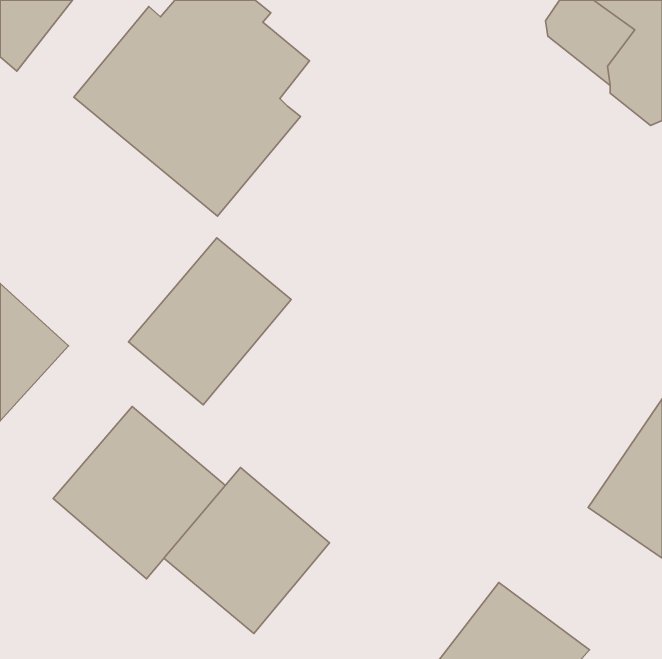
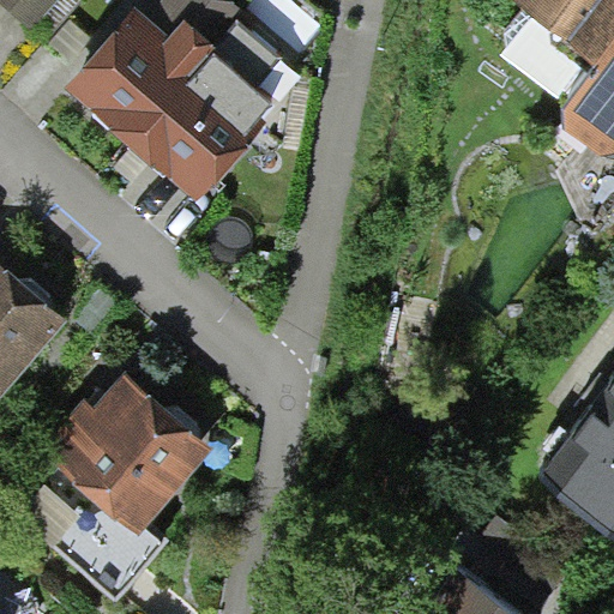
building: [128,238,291,405] -> none
building: [164,468,330,633] -> none

